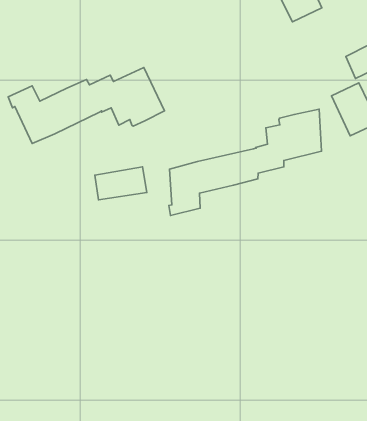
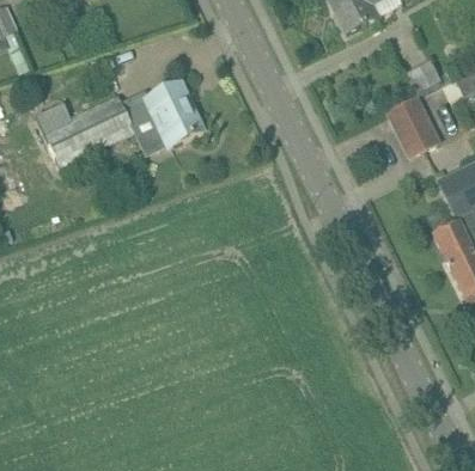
building: [169,109,322,216] -> none
building: [95,167,147,200] -> none

